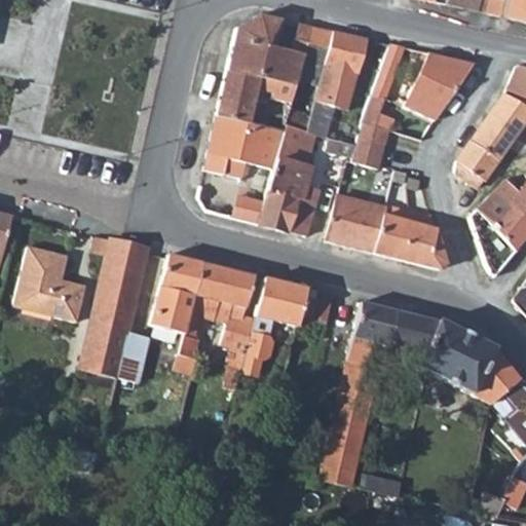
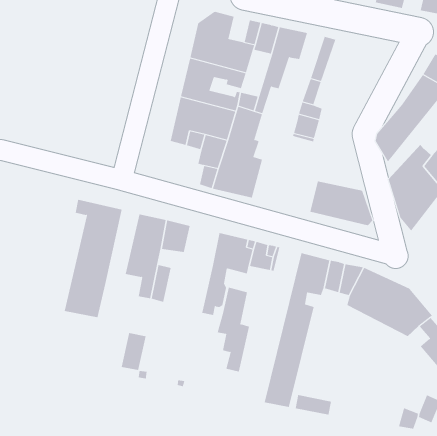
building: [409,52,474,115] -> none
building: [326,195,384,253] -> none
building: [12,248,85,325] -> none
building: [218,269,257,371] -> [217,287,250,372]
building: [121,338,152,383] -> [121,333,147,371]

